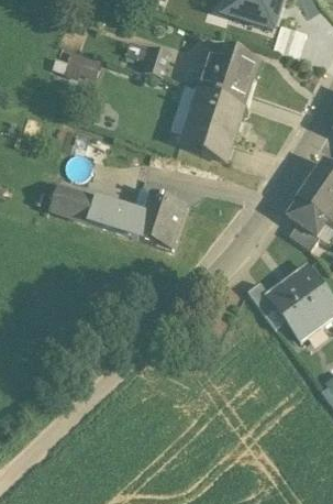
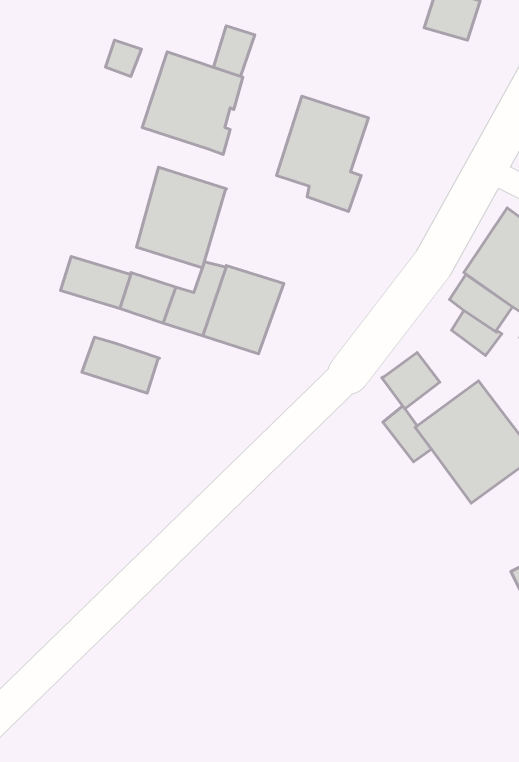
building: [198,43,259,106] -> [142,52,243,155]
building: none -> [137,167,226,268]
building: none -> [82,337,160,393]
building: none -> [382,352,440,409]

